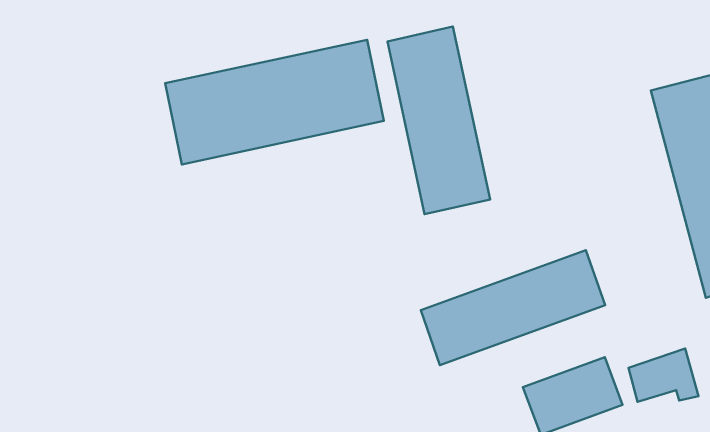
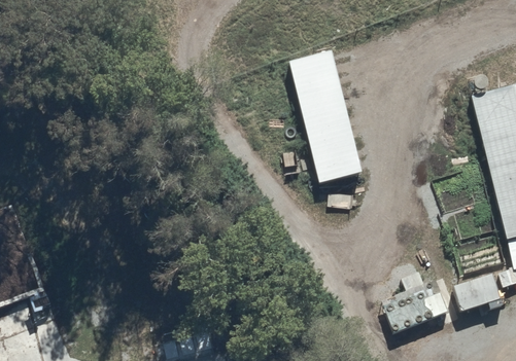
building: [165,40,384,164] -> none
building: [421,250,605,365] -> none

